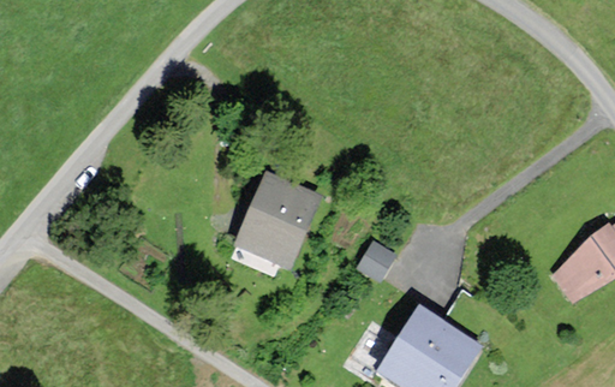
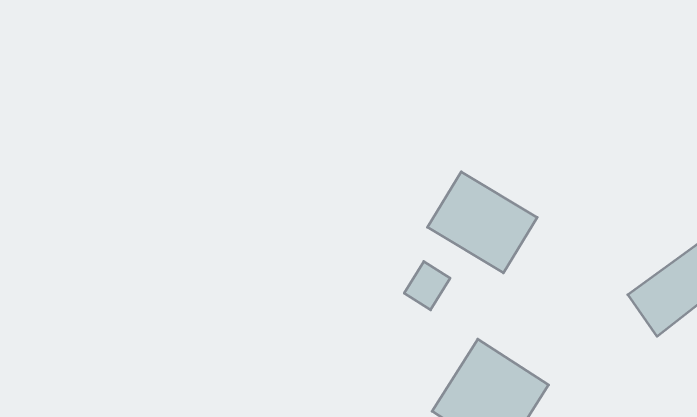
building: none -> [427,172,537,273]
building: [235,172,320,266] -> none

